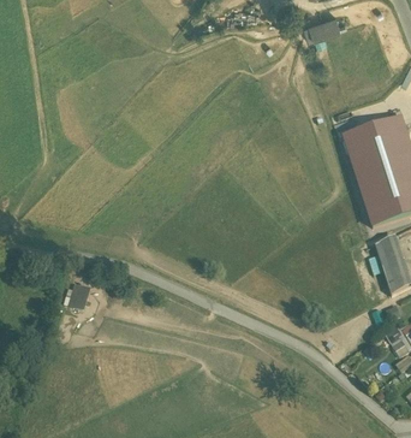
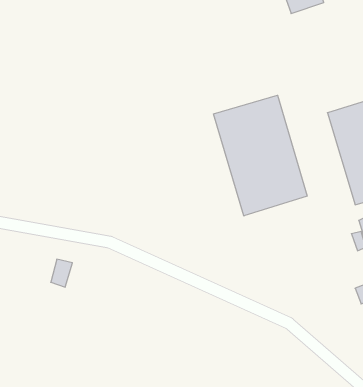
building: none -> [213,95,307,216]

